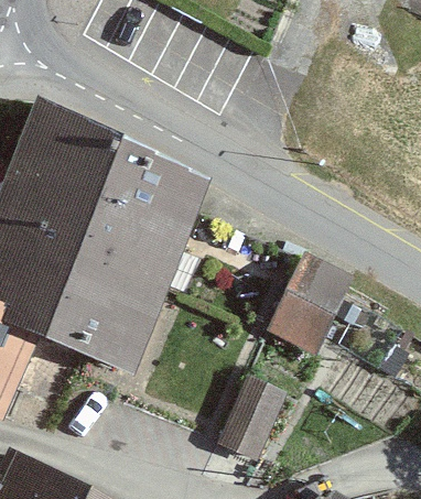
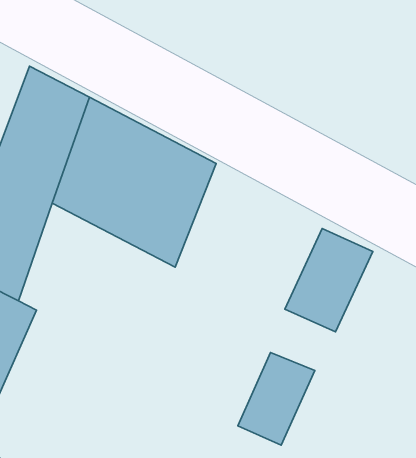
building: [22,230,165,373] -> none

